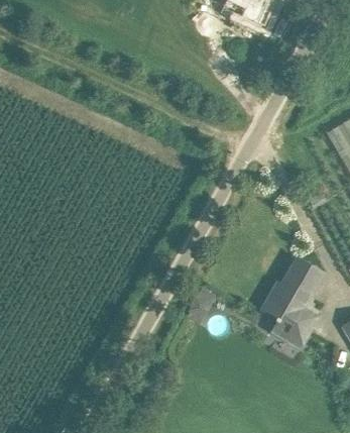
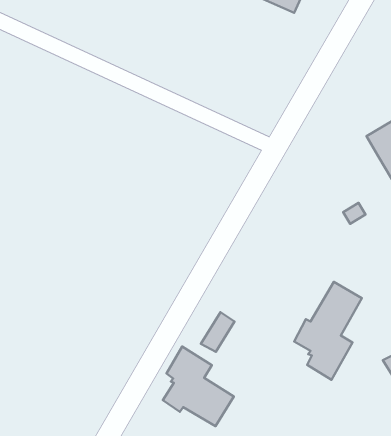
building: none -> [163,346,234,426]

